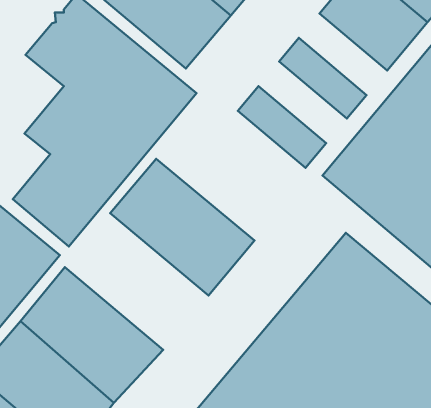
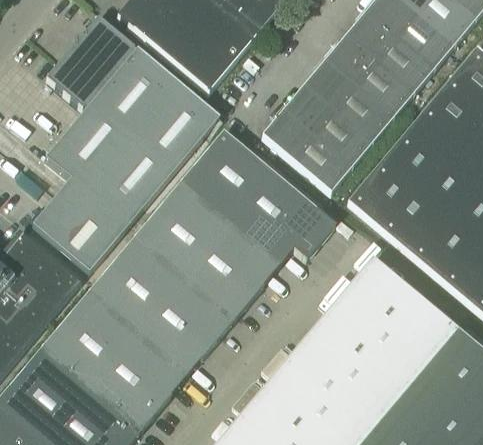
building: none -> [324,36,414,119]
building: none -> [283,85,373,168]
building: none -> [179,130,336,267]
building: none -> [86,239,232,378]

